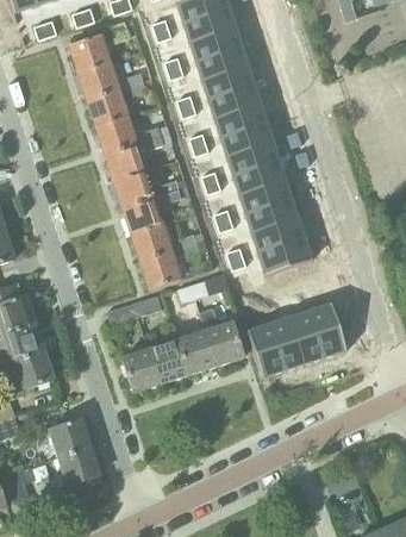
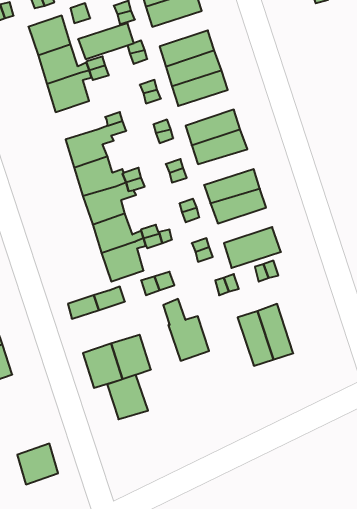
building: [188,29,242,63] -> [78,23,134,59]
building: [213,105,267,139] -> none
building: [95,115,136,152] -> none
building: [232,162,286,196] -> none
building: [251,218,304,252] -> none
building: [308,304,346,358] -> none
building: [246,324,286,379] -> none
building: [176,331,216,374] -> [107,375,148,419]
building: [49,418,89,456] -> none

